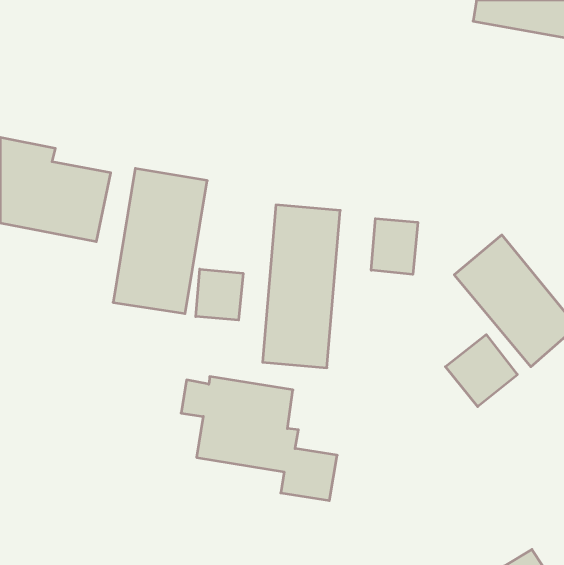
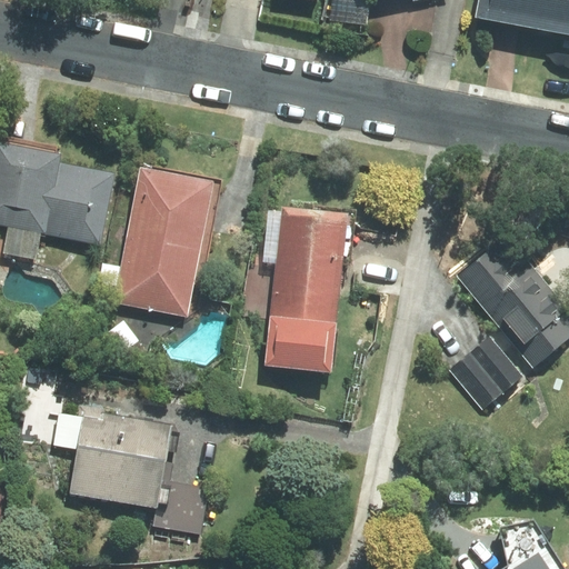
building: [371,219,418,274] -> none
building: [196,269,243,320] -> none
building: [181,377,337,501] -> [54,410,211,535]

